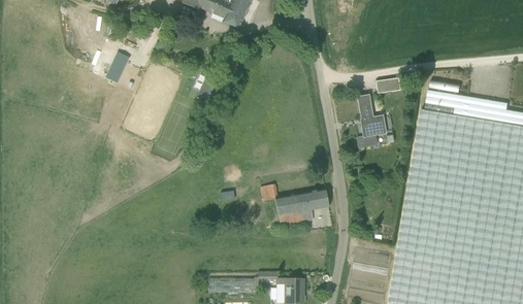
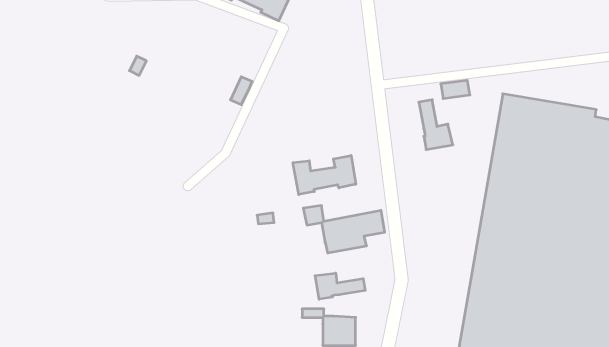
building: none -> [293,155,356,195]
building: none -> [315,273,365,299]

